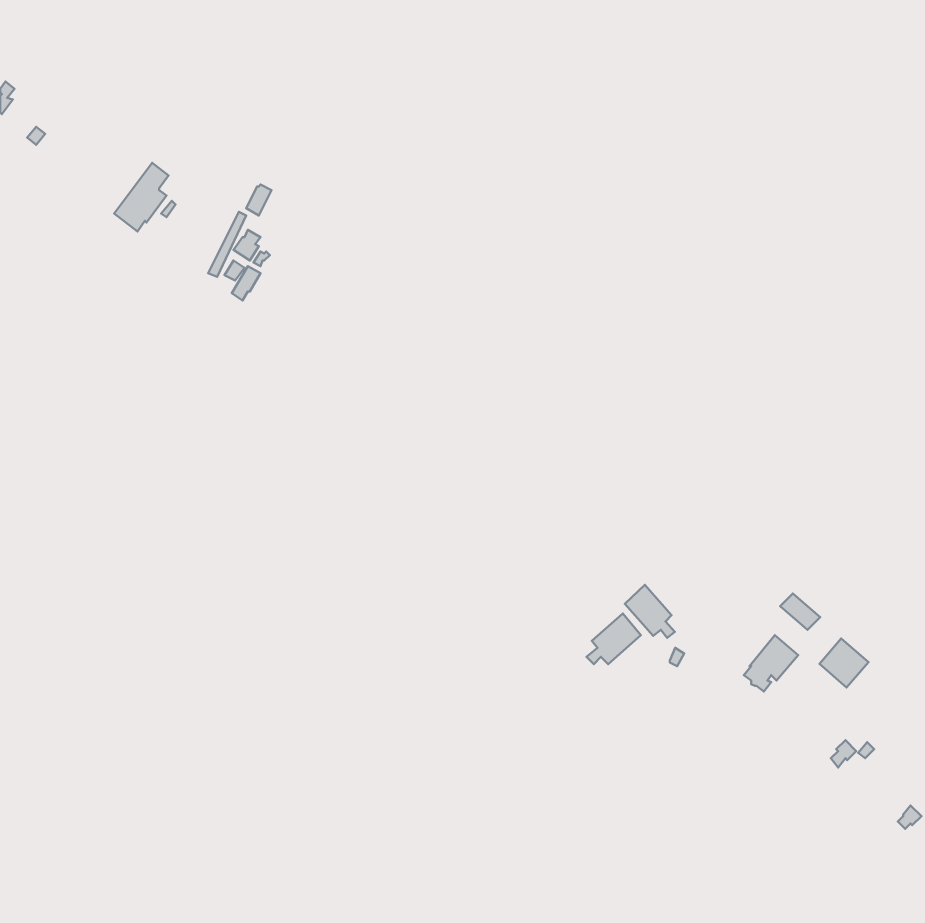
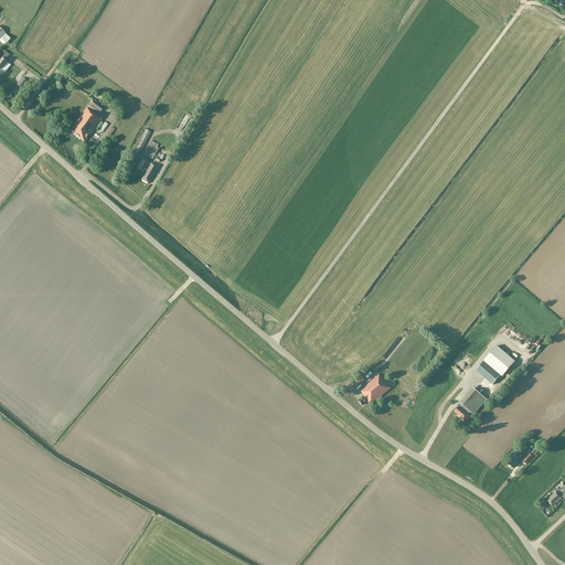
building: [625,585,675,638] -> none
building: [820,638,868,687] -> [483,345,513,375]

